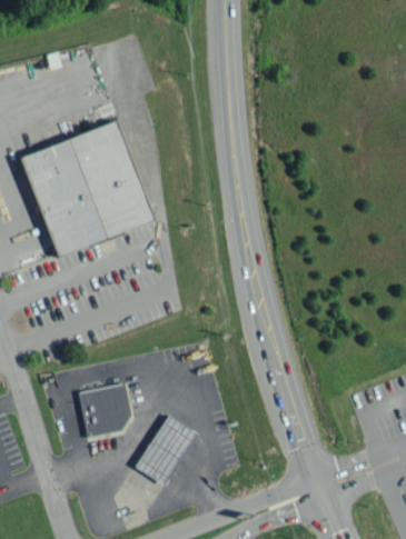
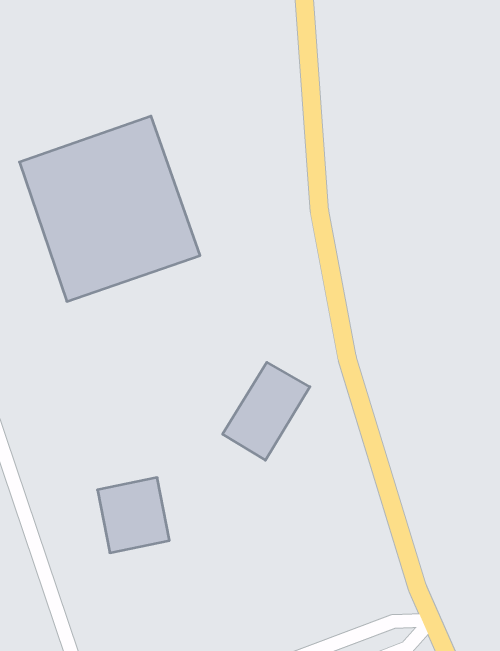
building: [133,416,197,487] -> [223,362,310,460]

